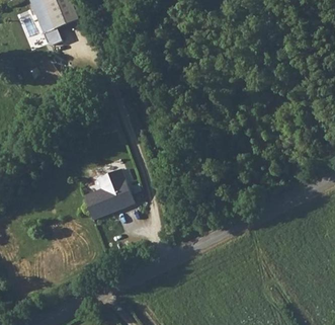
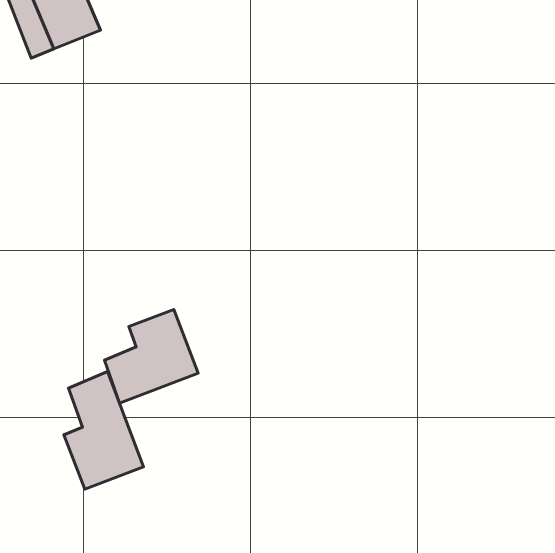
building: none -> [64,372,144,489]

